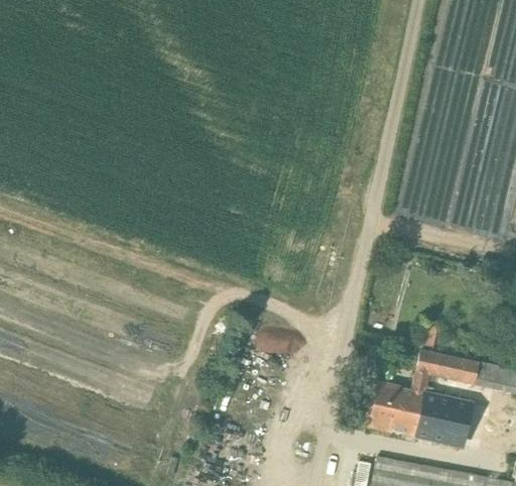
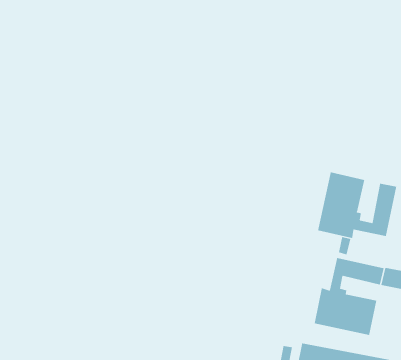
building: none -> [317,172,397,239]
building: [370,381,404,434] -> none

